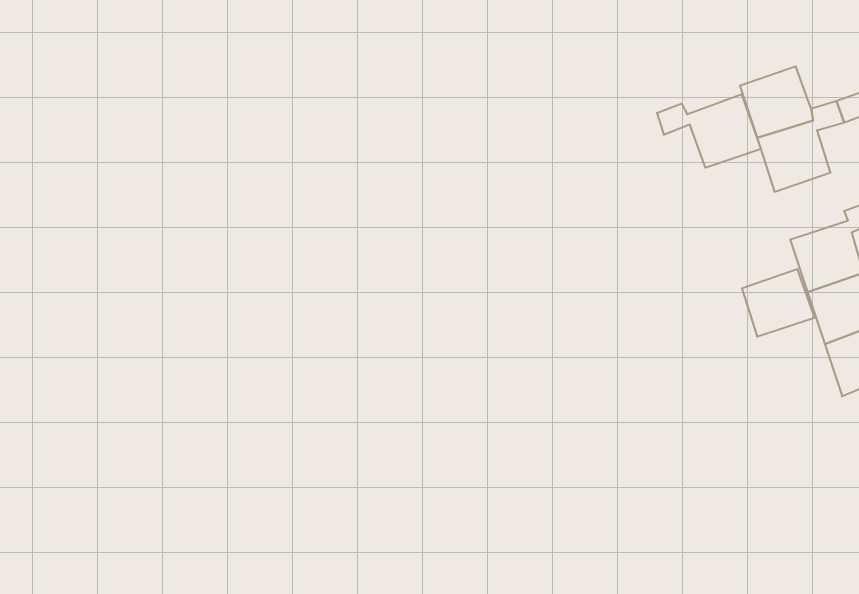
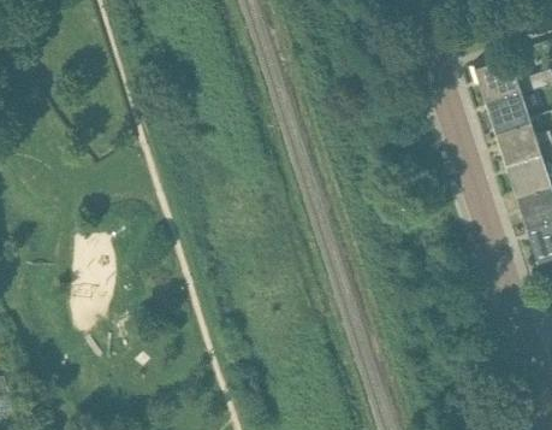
building: [657,94,761,168] -> none
building: [742,269,815,337] -> [495,122,541,164]

